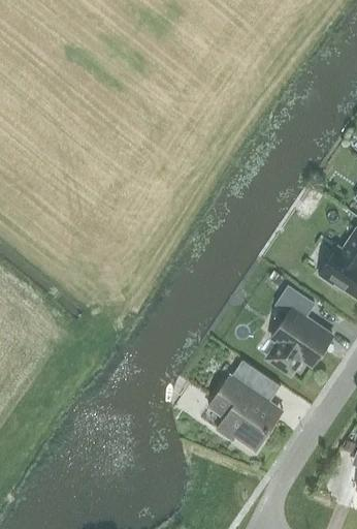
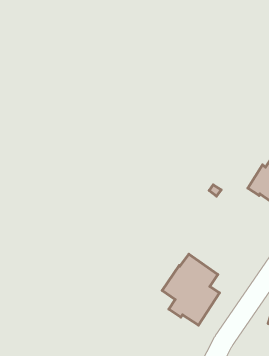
building: [266,287,332,375] -> none

